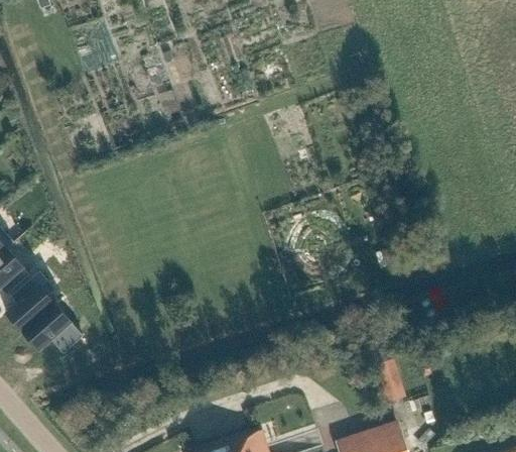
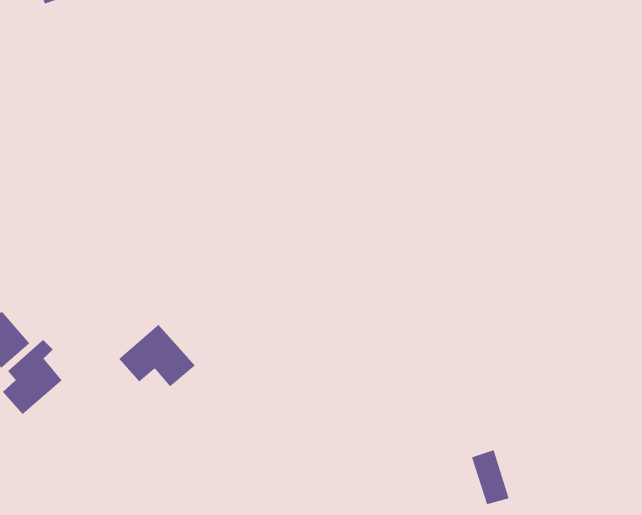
building: [23,305,84,354] -> [119,324,196,387]

